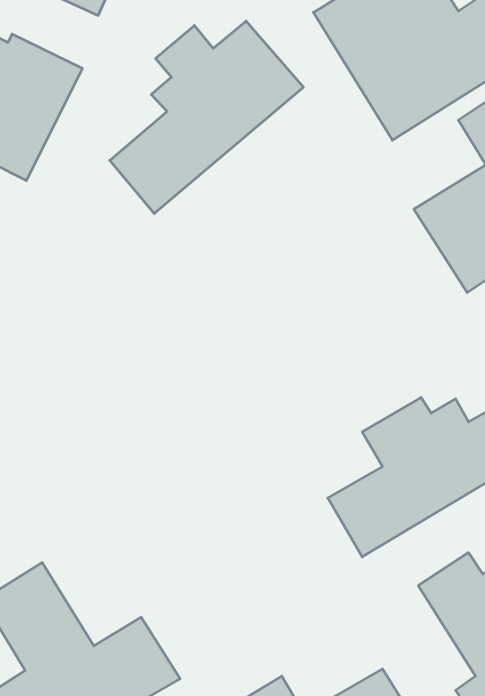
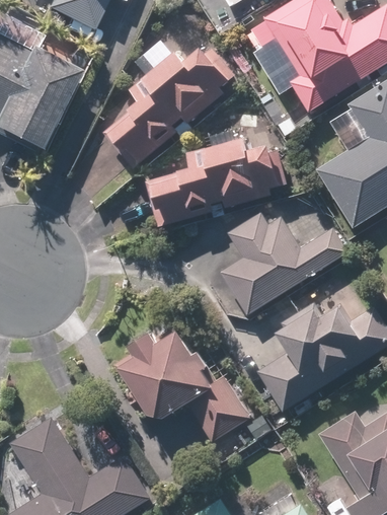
building: none -> [145,133,288,226]
building: none -> [221,211,347,315]
building: none -> [124,319,250,443]

